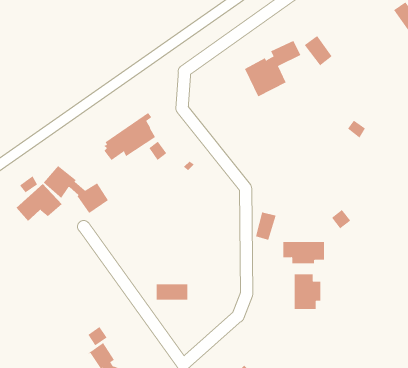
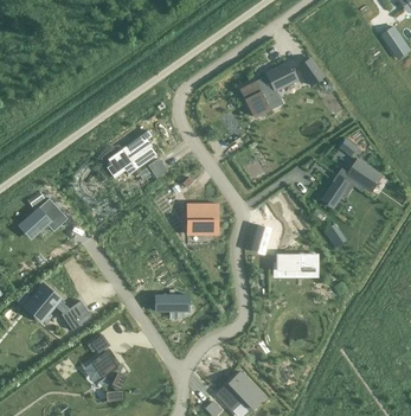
building: none -> [321,160,383,207]
building: [43,165,109,214] -> [28,284,91,331]
building: none -> [187,204,217,233]
building: [294,273,321,310] -> none

